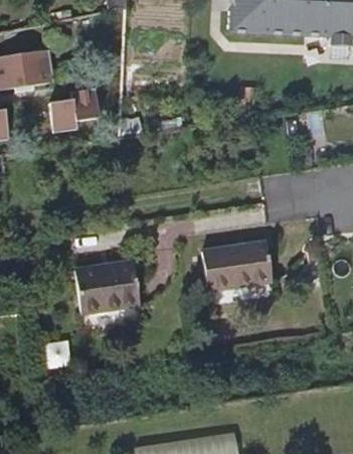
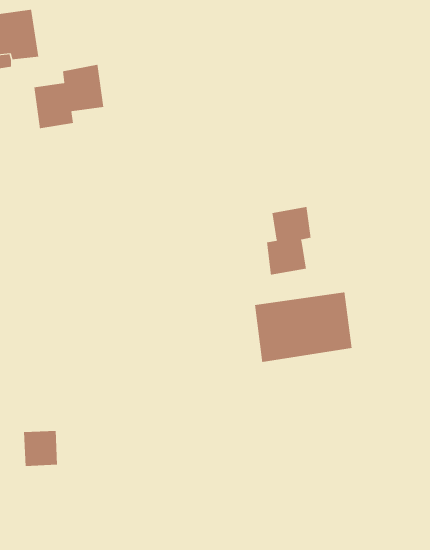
building: none -> [267,206,311,275]
building: [76,268,142,317] -> none

